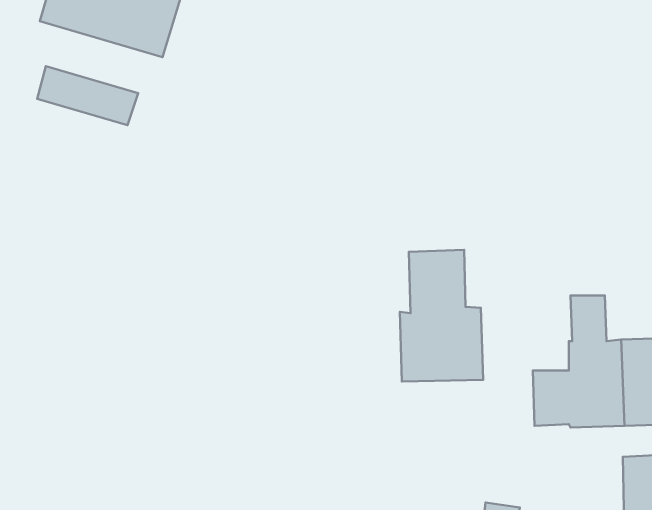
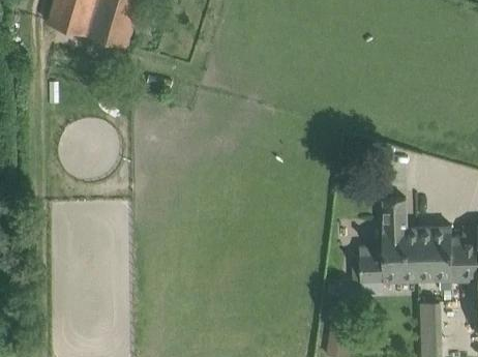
building: [37,66,138,125] -> none
building: [400,250,483,381] -> none

